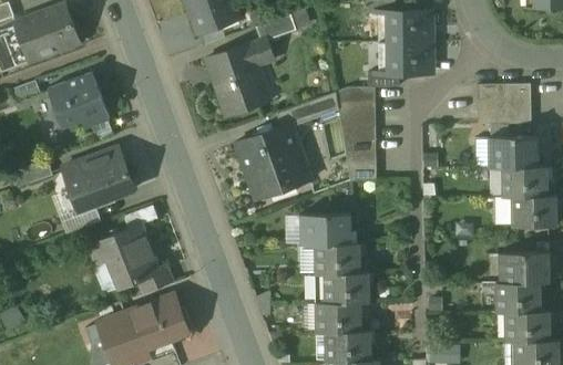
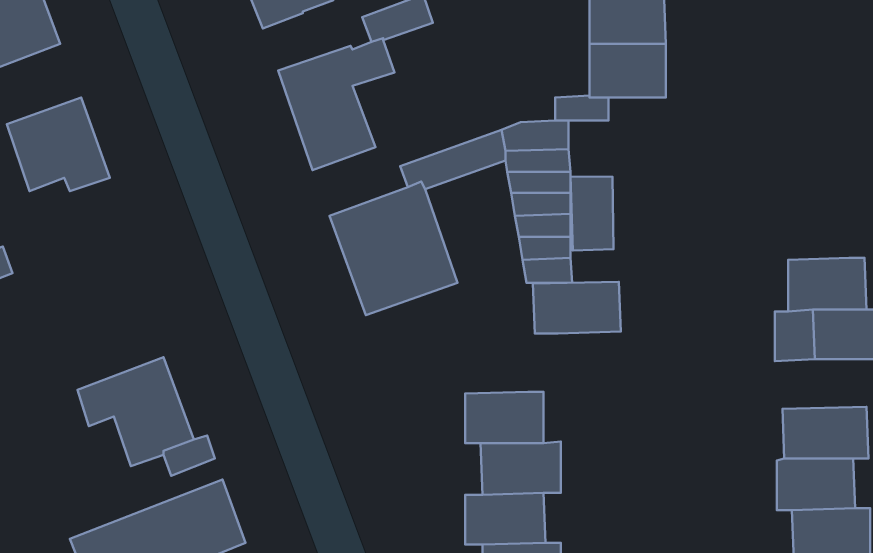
building: [480,82,533,124] -> none
building: none -> [570,176,613,250]
building: [488,137,538,168] -> none
building: [62,148,135,210] -> none
building: [300,216,351,246] -> [533,282,621,333]

